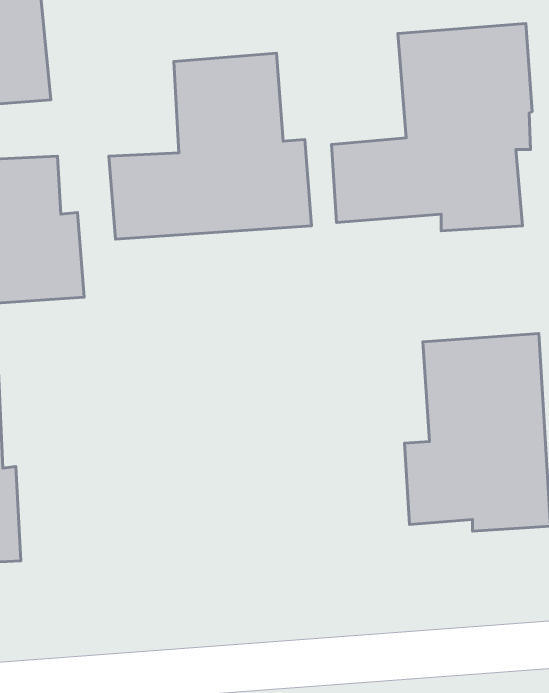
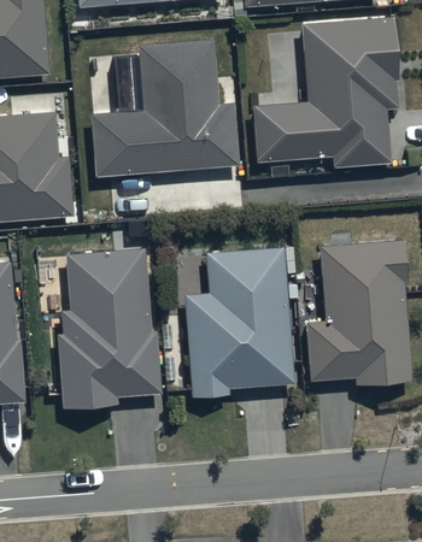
building: none -> [183,243,298,397]
building: none -> [58,249,160,408]

